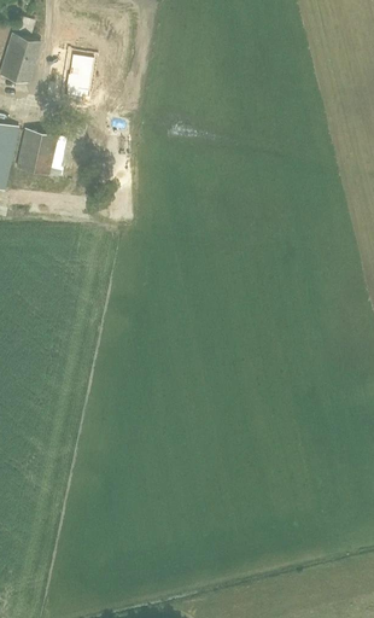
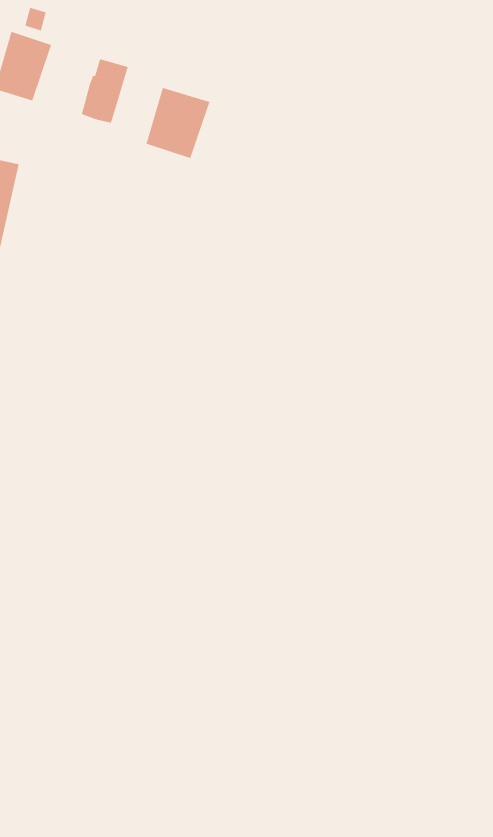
building: none -> [146,87,210,159]
building: [16,128,58,176] -> none

